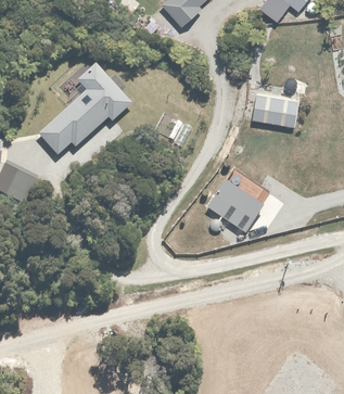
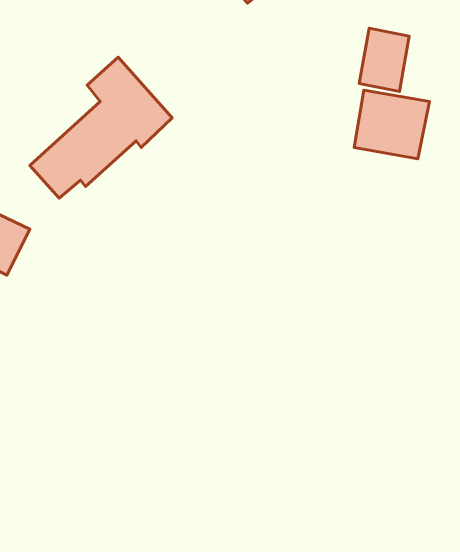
building: none -> [359,28,409,91]
building: [203,179,263,234] -> none

